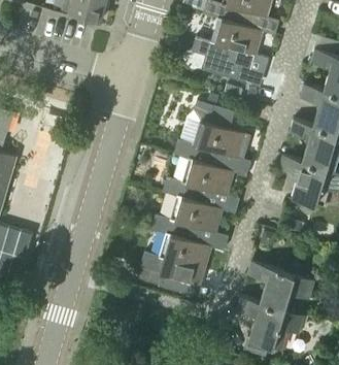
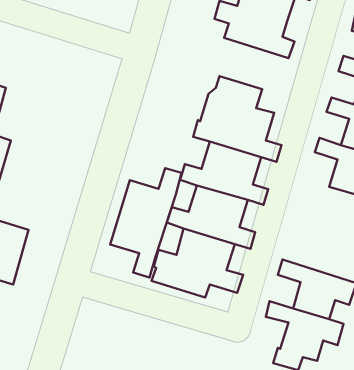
building: none -> [110,168,181,277]

